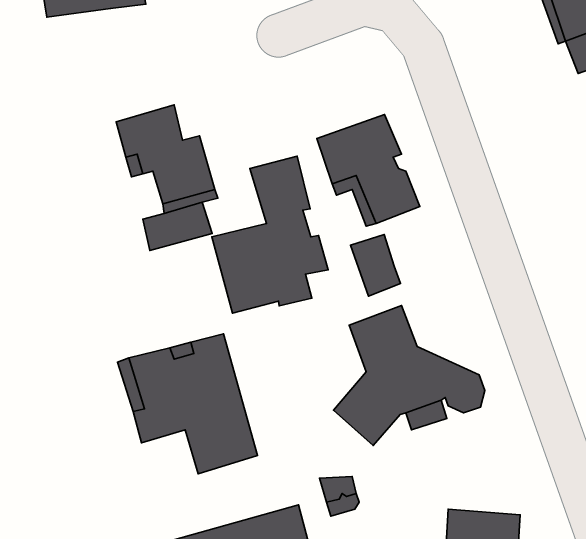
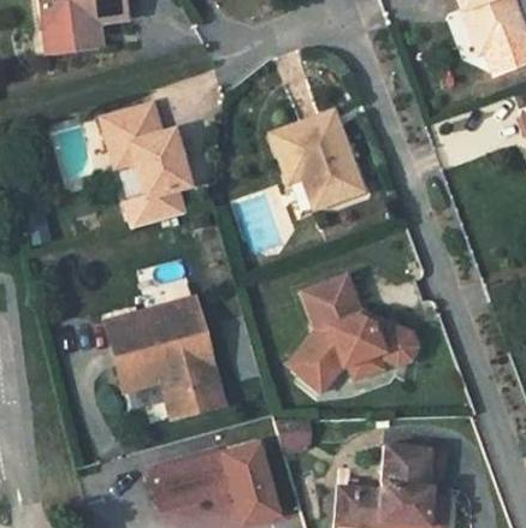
building: none -> [43,22,100,53]
building: [212,156,328,313] -> none
building: [350,234,400,296] -> none

